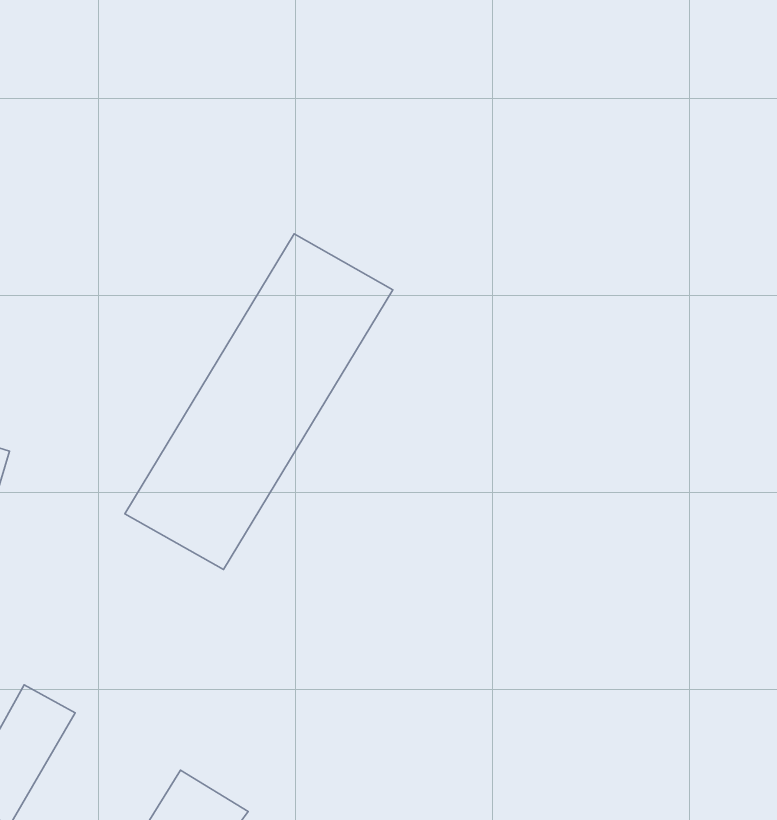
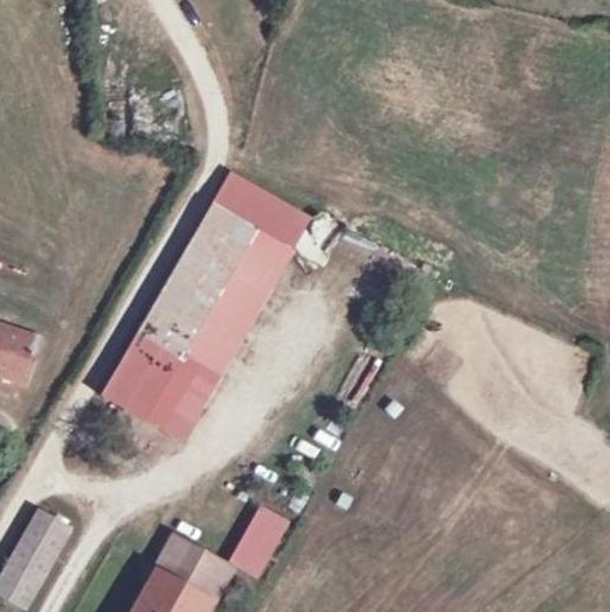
building: none -> [219,503,282,579]
building: none -> [153,545,216,600]

